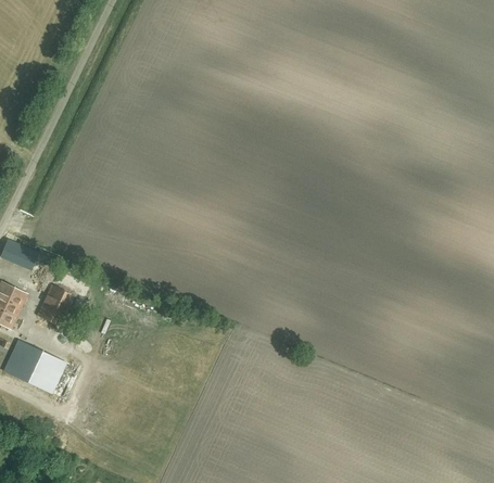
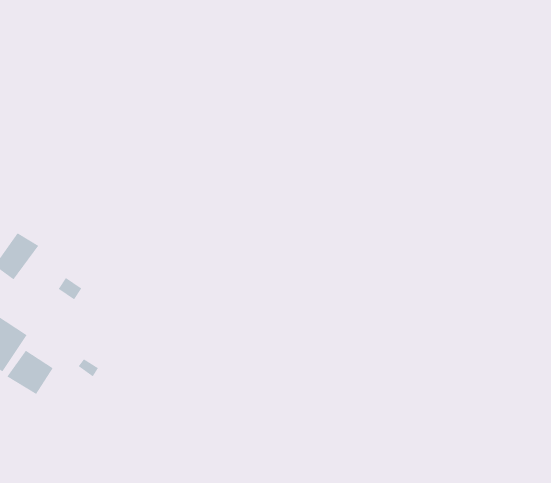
building: none -> [7,350,54,395]

